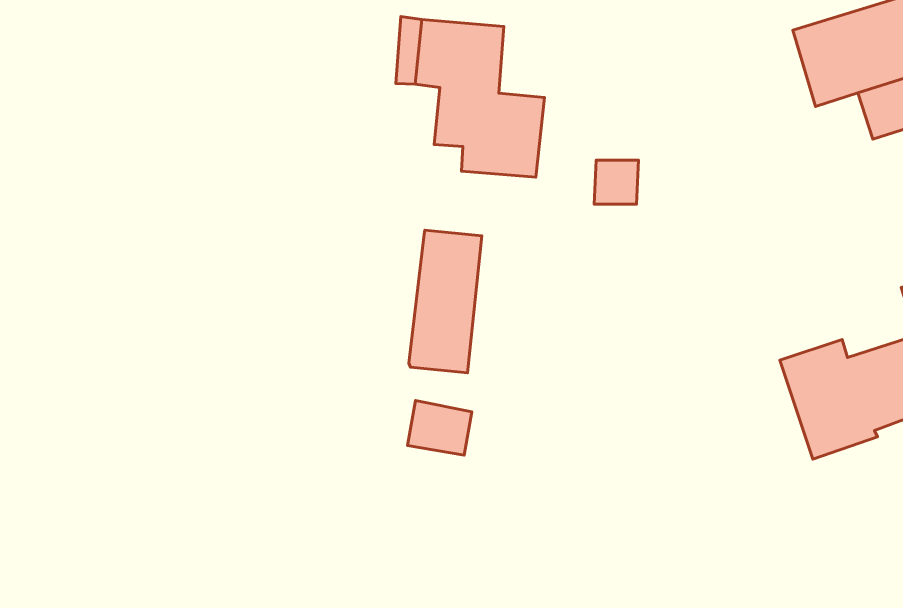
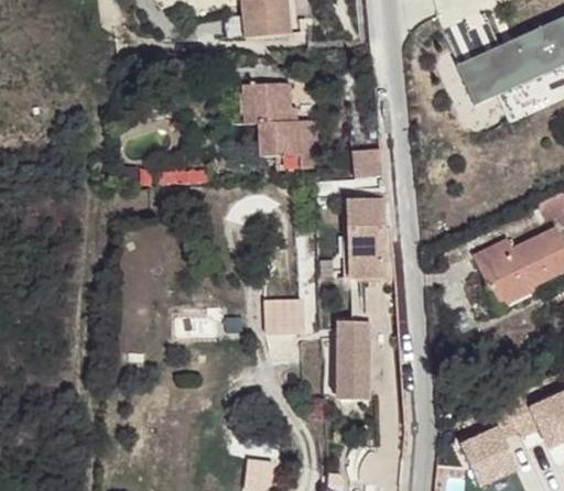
building: [409,230,482,373] -> [349,198,384,279]
building: none -> [339,321,370,401]

